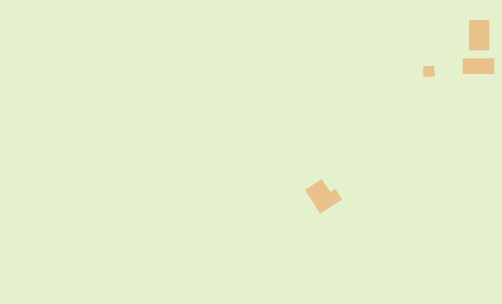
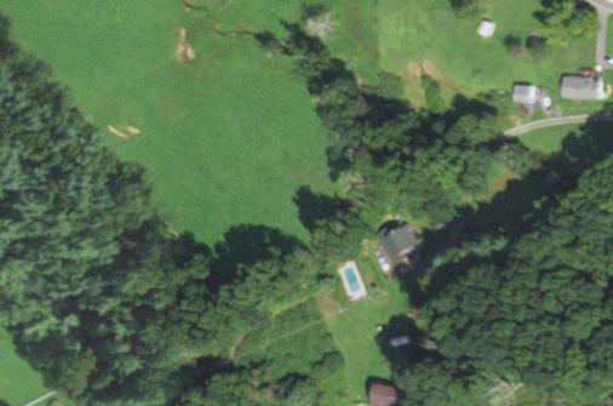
building: [468,19,490,51] -> none

